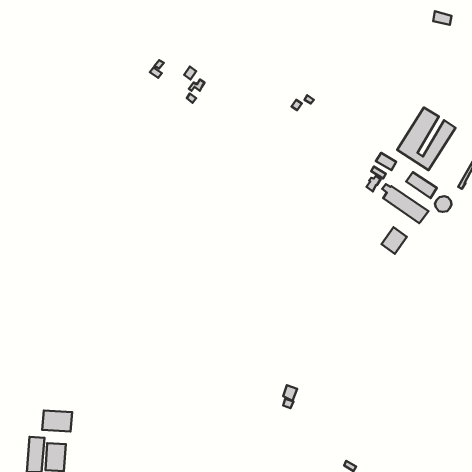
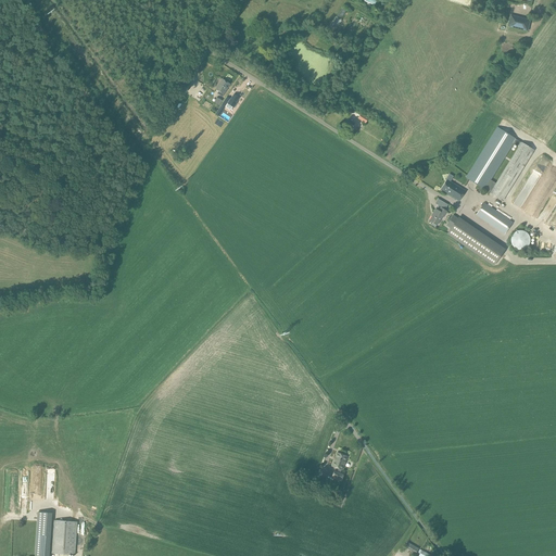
building: [381,227,407,254] -> none
building: [42,410,72,432] -> none

